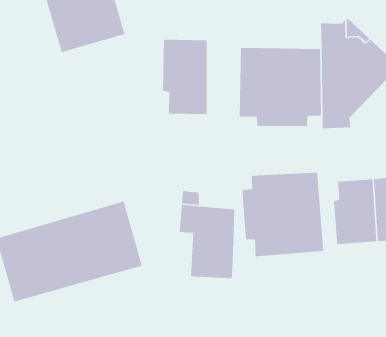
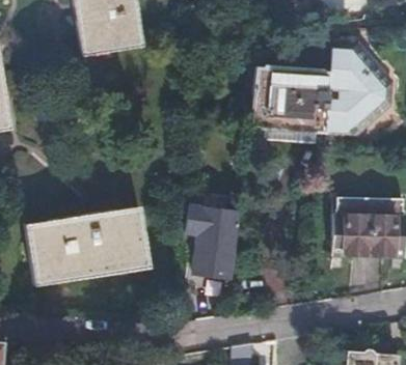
building: [162,39,208,115] -> none
building: [242,172,324,257] -> none

